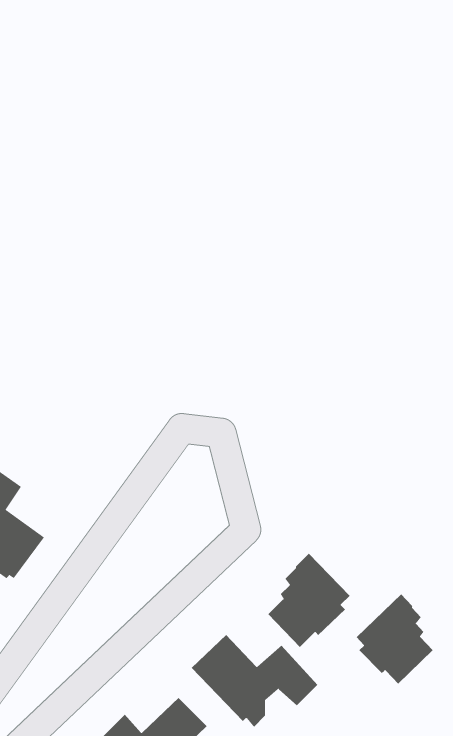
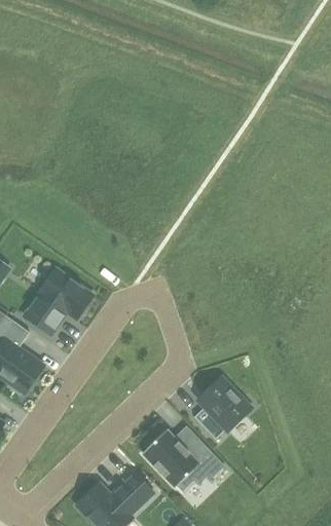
building: none -> [24,268,94,335]
building: [356,593,433,685] -> none

